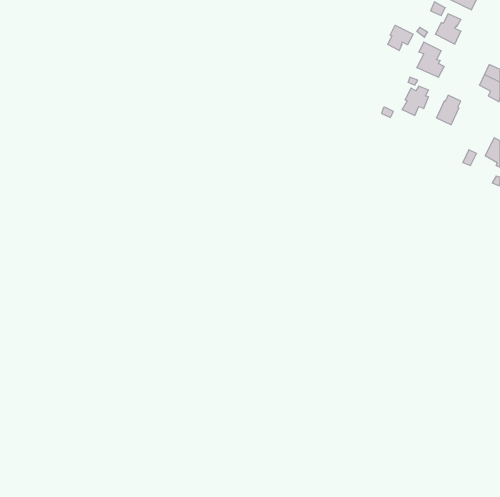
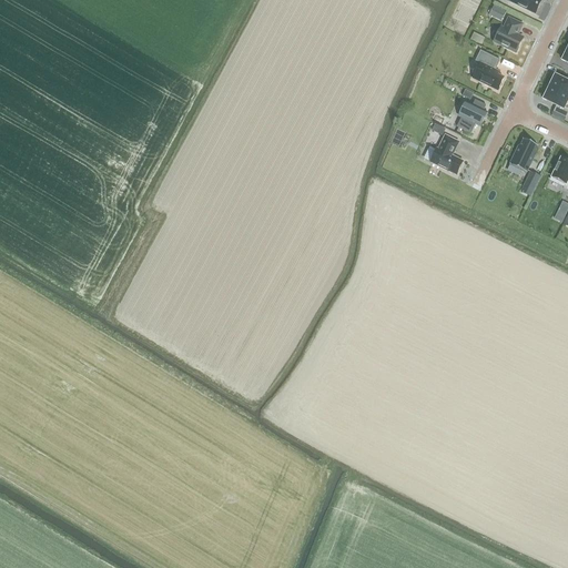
building: [388,25,413,51] -> none
building: [436,95,461,125] -> [511,138,539,171]
building: none -> [430,133,463,173]

